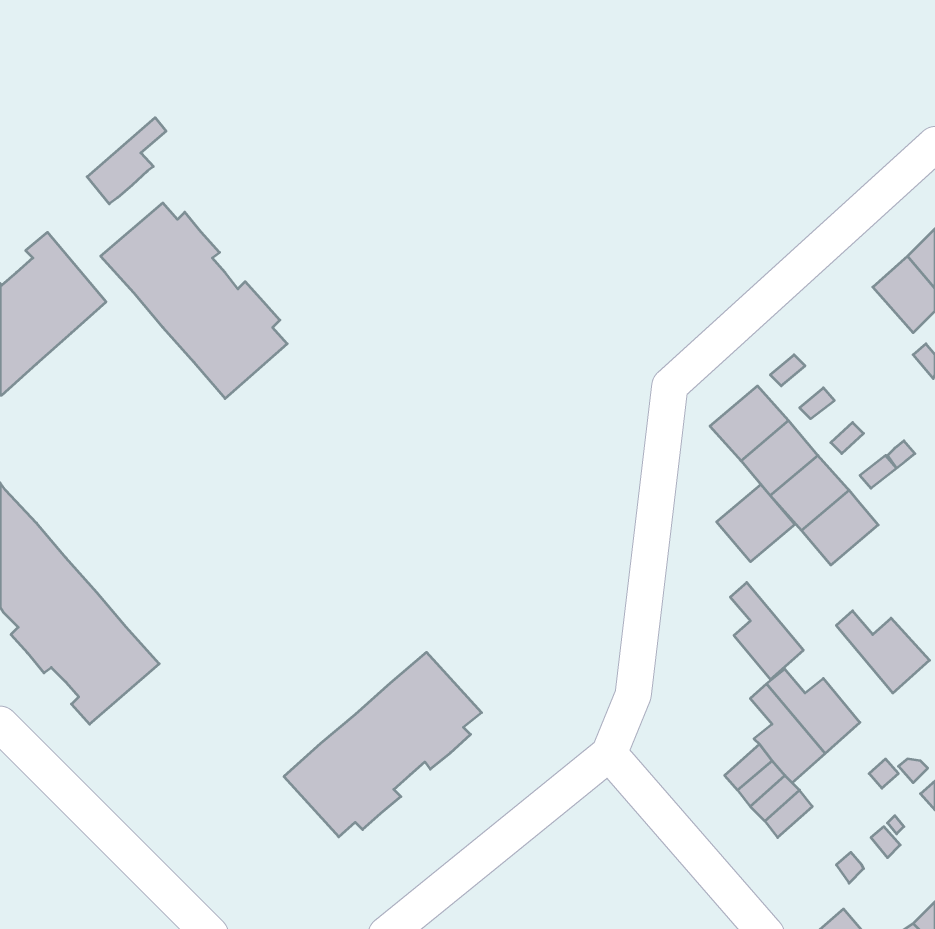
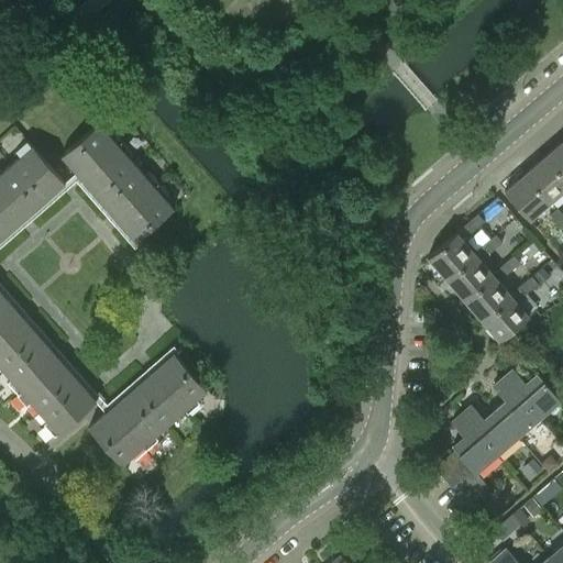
building: [87,118,166,204] -> none
building: none -> [504,176,549,221]
building: [717,484,795,562] -> none
building: [730,582,803,679] -> [493,379,537,438]
building: [284,652,482,837] -> [88,355,207,466]

